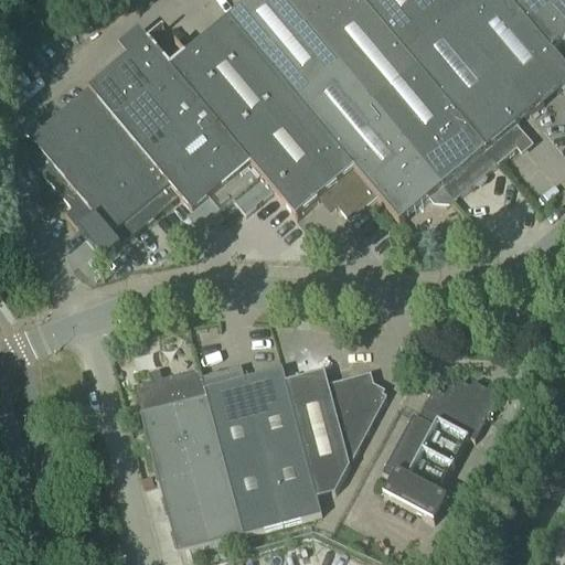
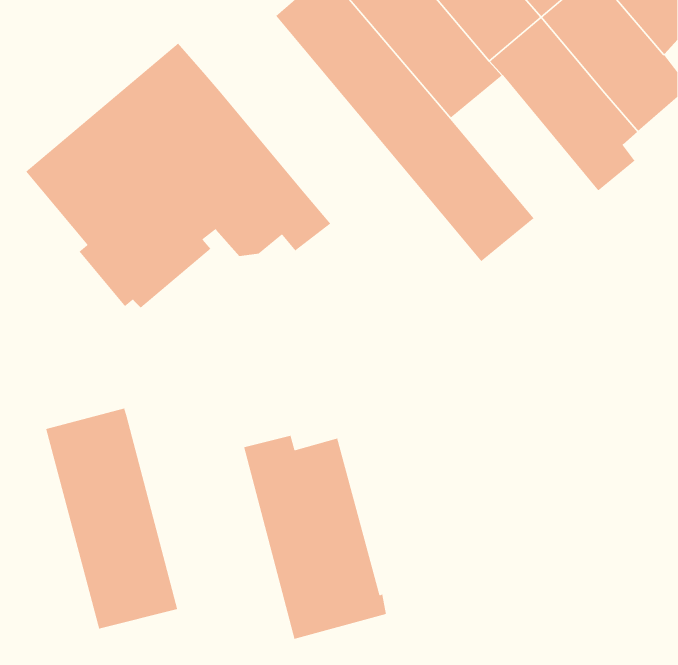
building: [171,13,377,214] -> none
building: [374,63,497,195] -> none
building: [134,363,244,547] -> [45,407,178,629]
building: [280,363,387,493] -> none
building: [383,376,507,518] -> none

